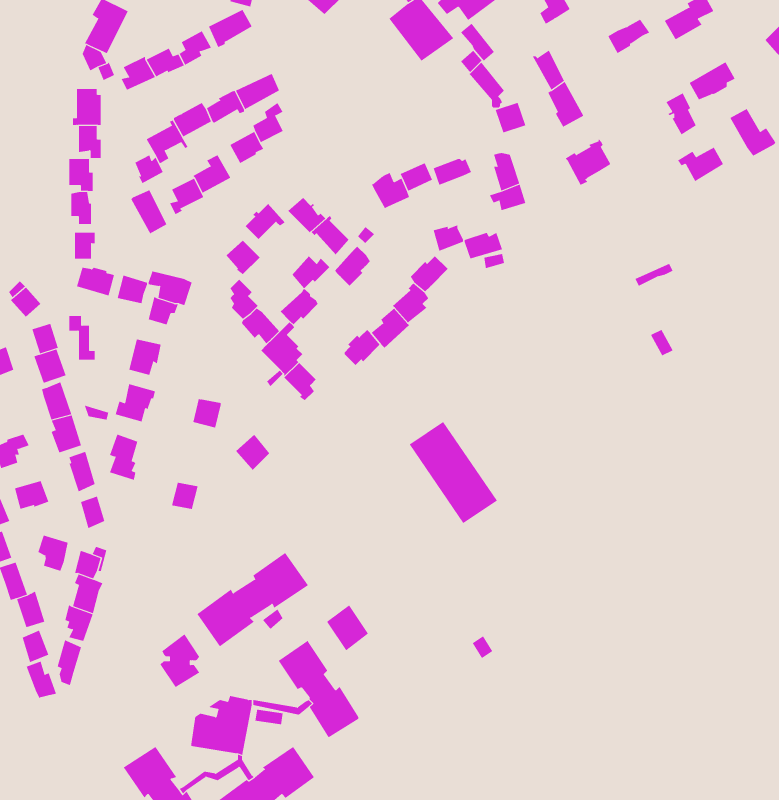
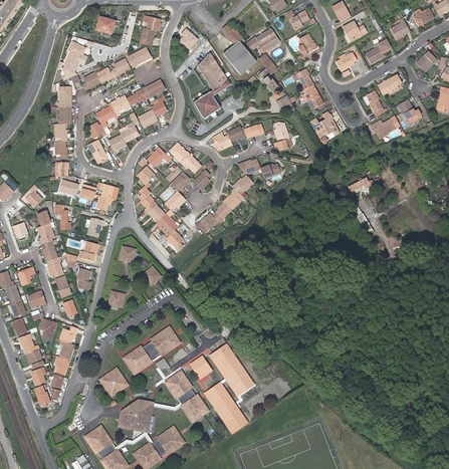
building: none -> [193,53,230,120]
building: [409,421,498,524] -> [208,343,254,397]
building: none -> [203,382,248,435]

